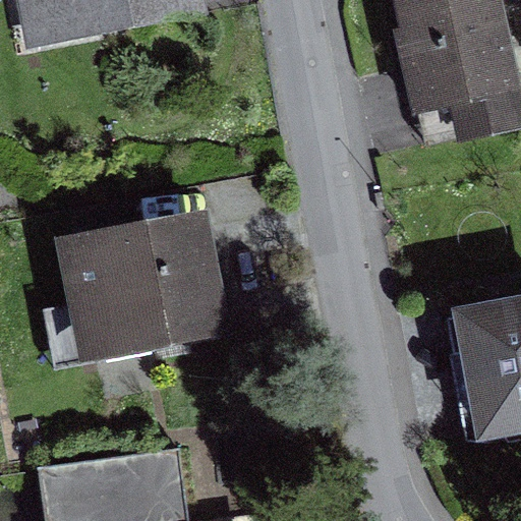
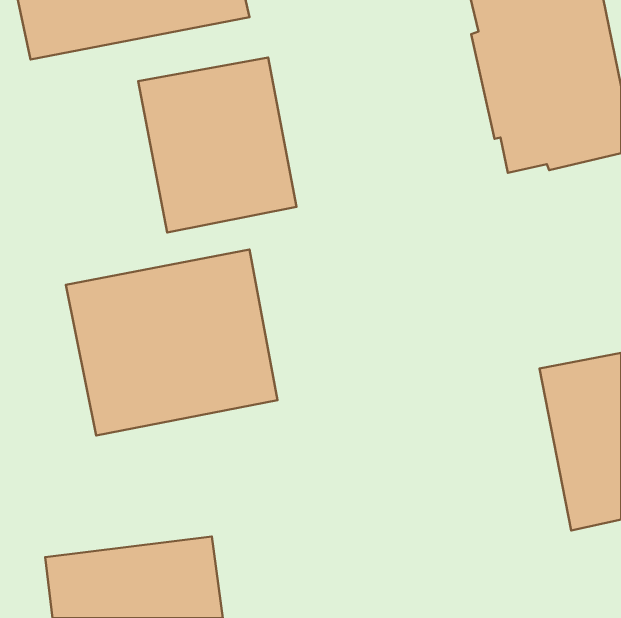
building: none -> [138,57,296,233]

